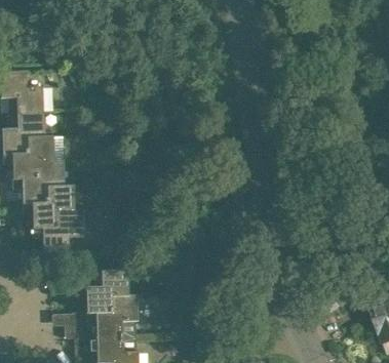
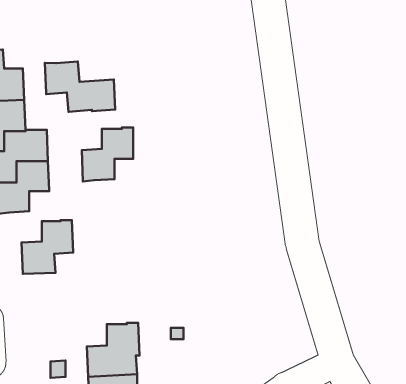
building: none -> [45,62,115,112]
building: [29,186,71,230] -> [82,128,133,182]
building: [83,270,125,314] -> none

